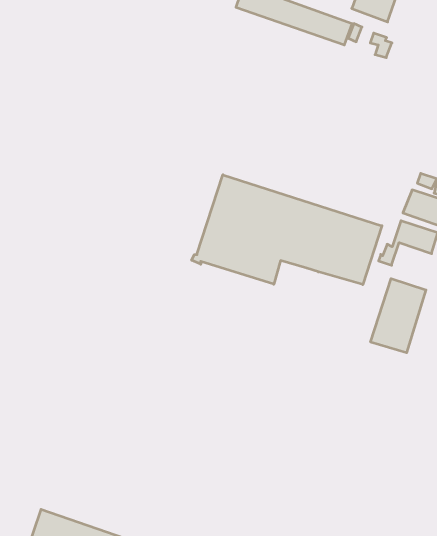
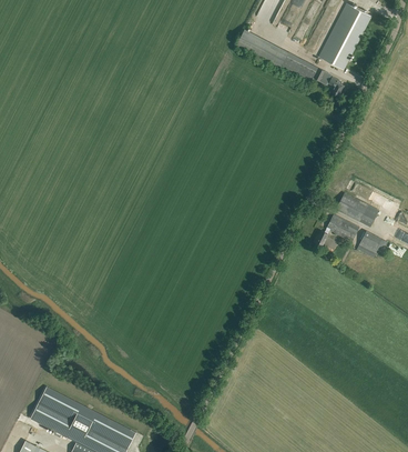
building: [192,175,382,285] -> none
building: [371,279,426,353] -> none

